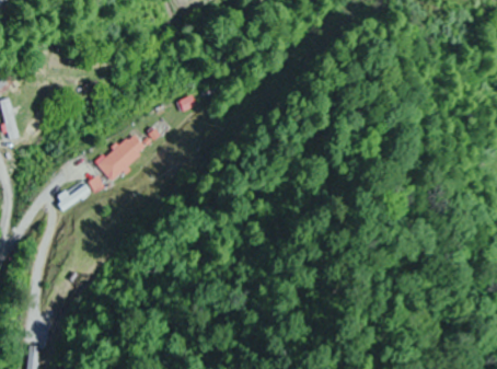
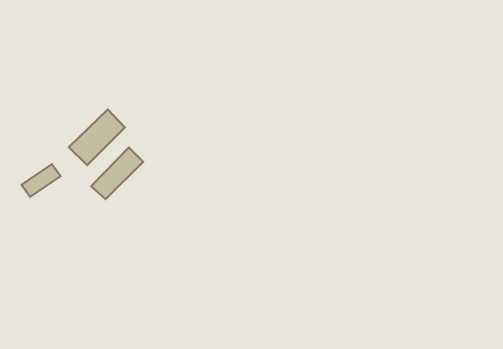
building: none -> [91,147,143,199]

